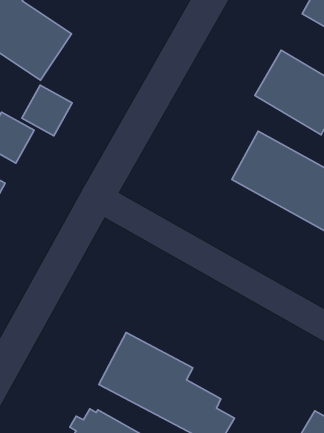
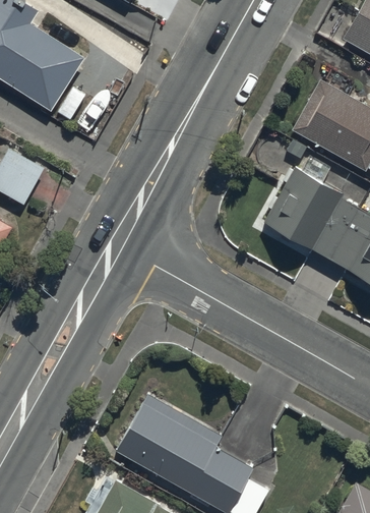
building: [22,85,72,136] -> none

